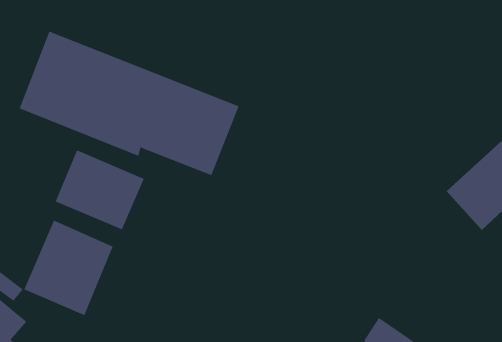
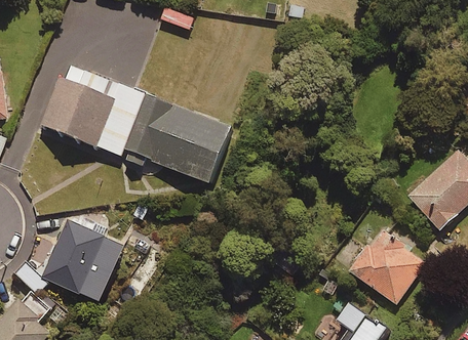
building: [55,149,145,230] -> none
building: none -> [347,230,424,305]

